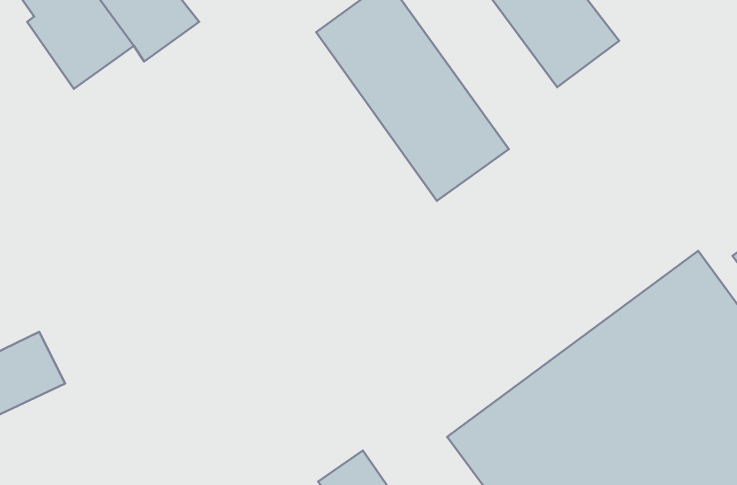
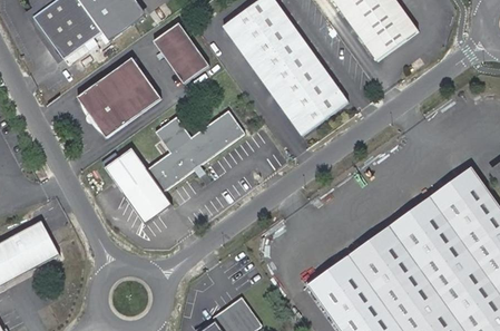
building: none -> [154,22,209,84]
building: none -> [78,58,161,137]
building: none -> [104,111,244,225]

